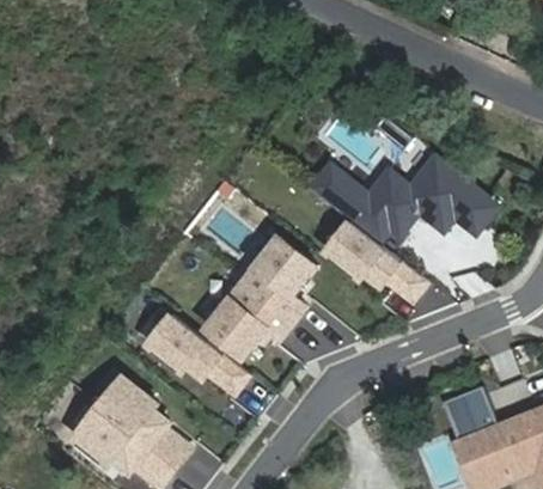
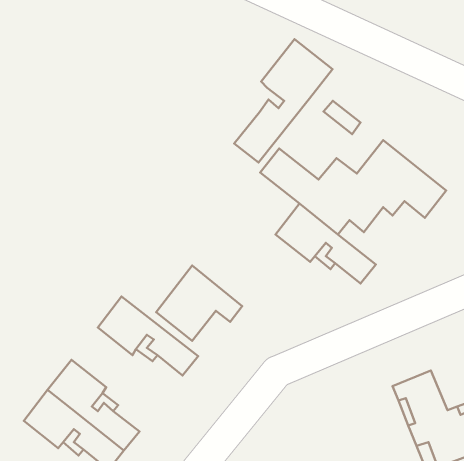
building: none -> [234,39,332,162]
building: [242,234,315,320] -> none

